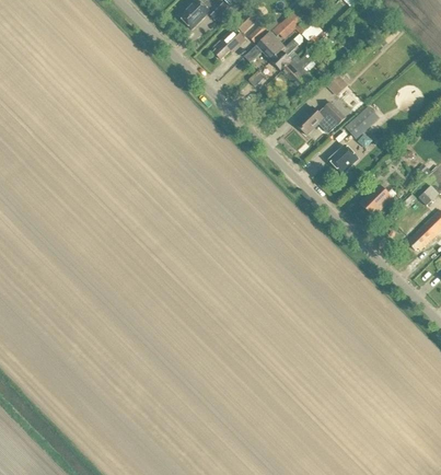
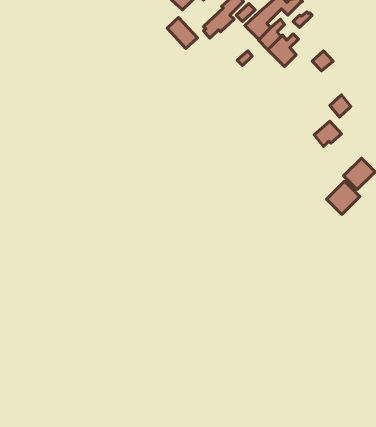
building: none -> [167,17,197,48]
building: [297,103,346,136] -> none
building: none -> [326,181,360,214]

